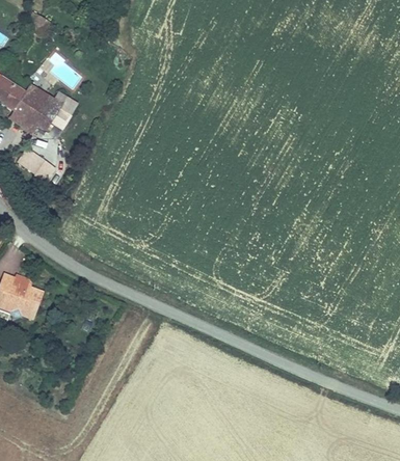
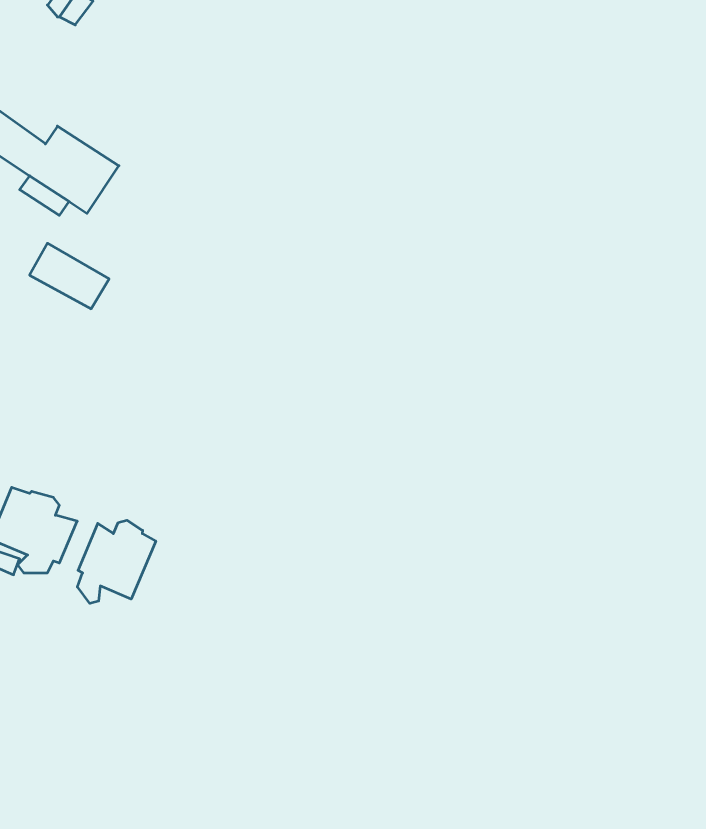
building: none -> [77,520,156,603]

